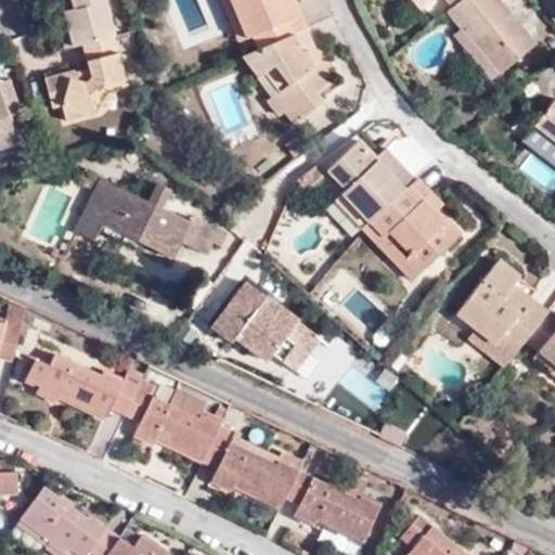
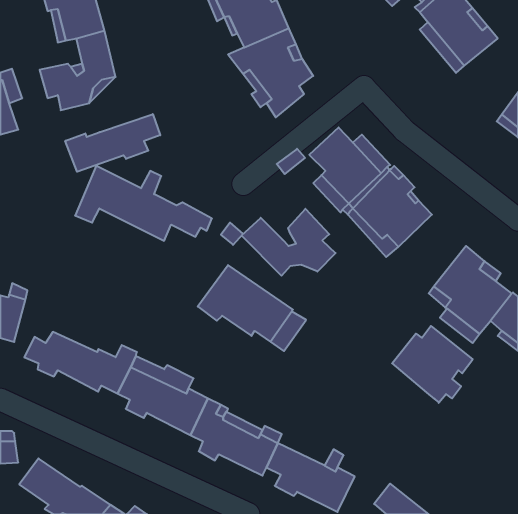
building: none -> [65,114,160,172]
building: none -> [242,209,336,276]
building: none -> [392,326,473,403]

